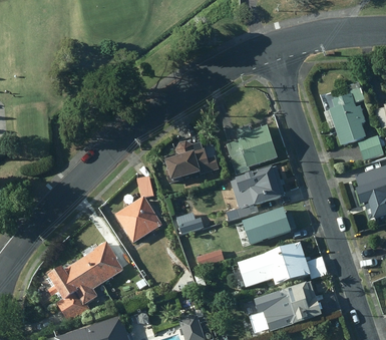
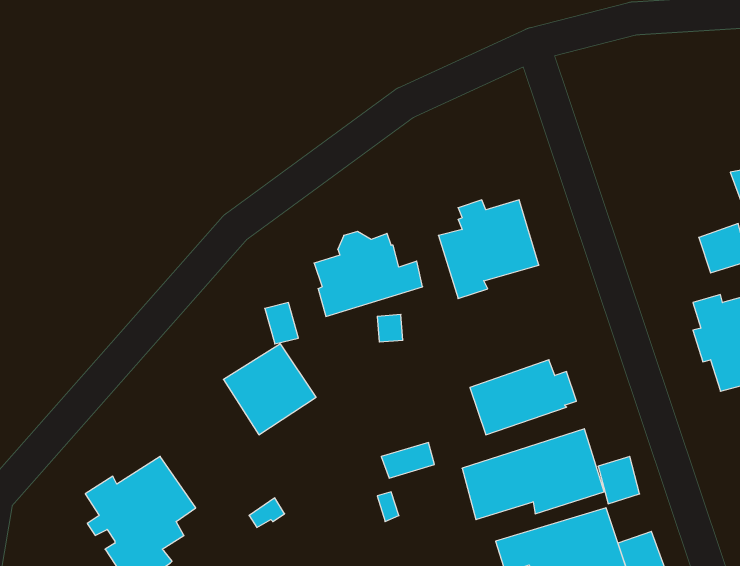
building: [324,85,366,147] -> none
building: [230,164,285,208] -> none
building: [176,212,205,233] -> none
building: [84,241,123,281] -> none

